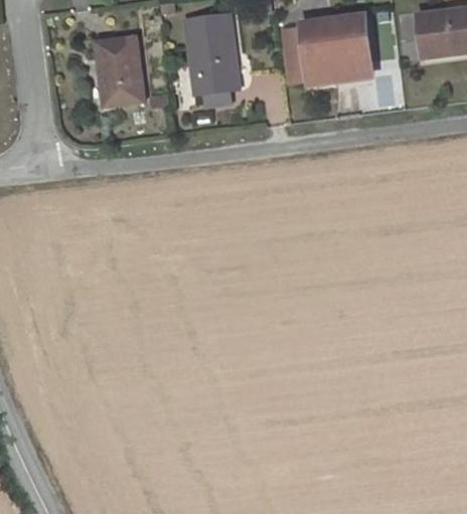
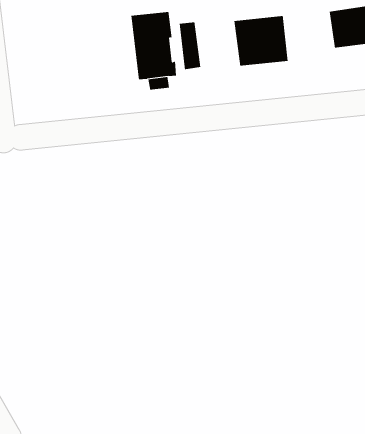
building: [287,25,313,81] -> [179,22,201,70]
building: [97,37,144,106] -> none

